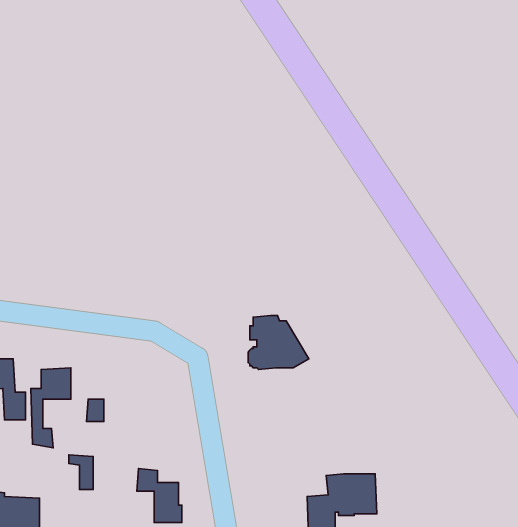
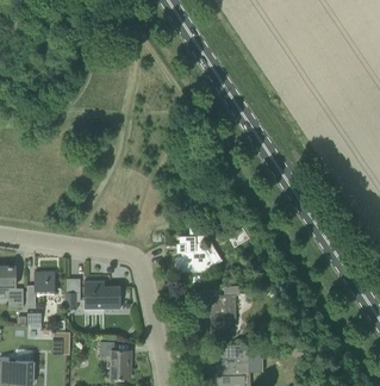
building: none -> [83,281,120,309]
building: none -> [199,286,238,336]

